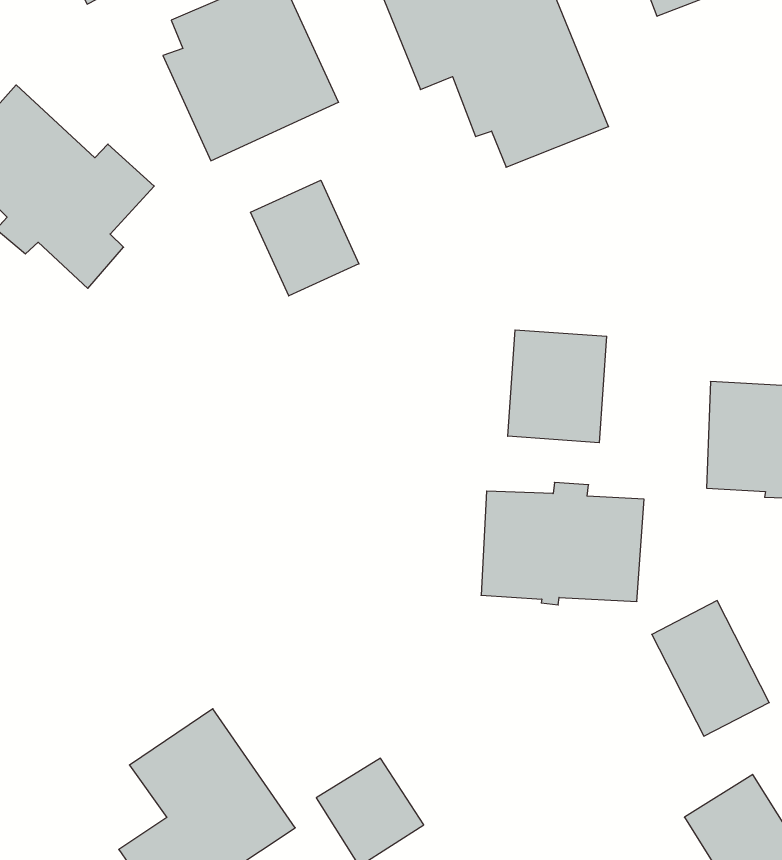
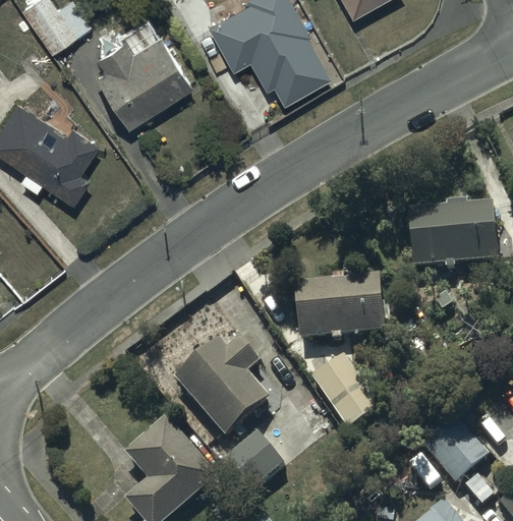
building: [251,180,359,296] -> none
building: [508,330,607,443] -> none
building: none -> [173,339,269,436]
building: [652,601,769,736] -> [311,354,379,427]

